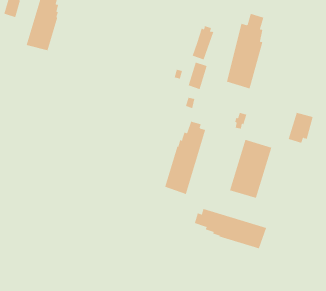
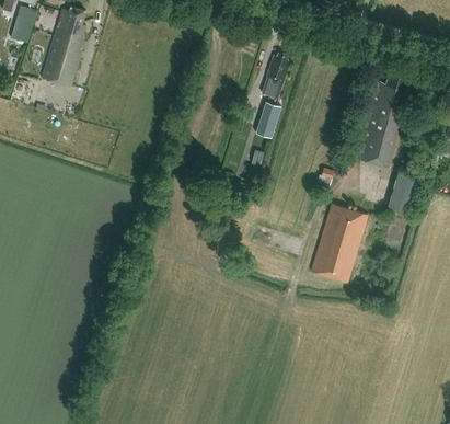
building: [226,13,264,89] -> [358,68,408,169]
building: [164,121,206,195] -> none
building: [194,208,267,249] -> none

